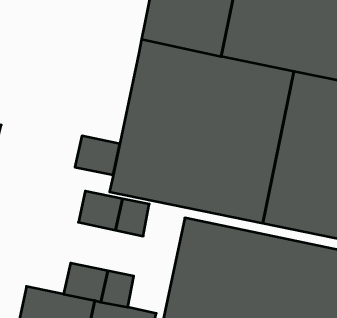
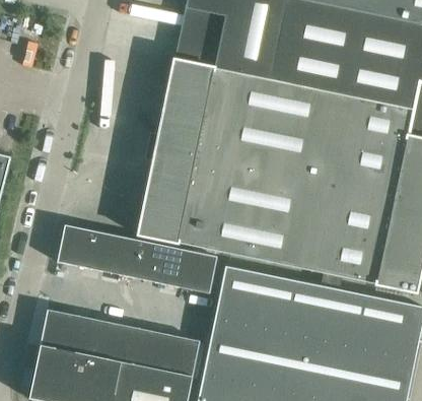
building: [75,136,120,175] -> [56,224,109,270]
building: none -> [177,249,217,293]
building: none -> [40,309,91,354]
building: none -> [158,333,199,377]

